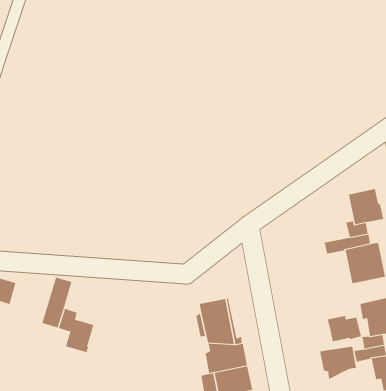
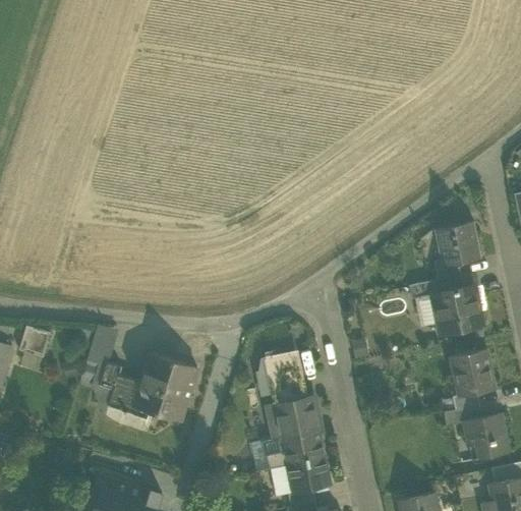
building: none -> [133,353,196,422]
building: [327,315,361,342] -> none
building: [320,346,357,380] -> none

